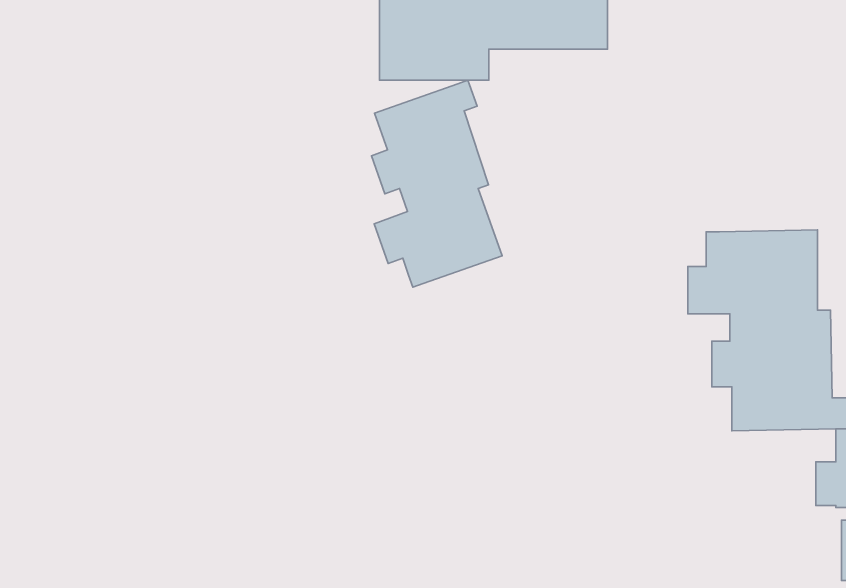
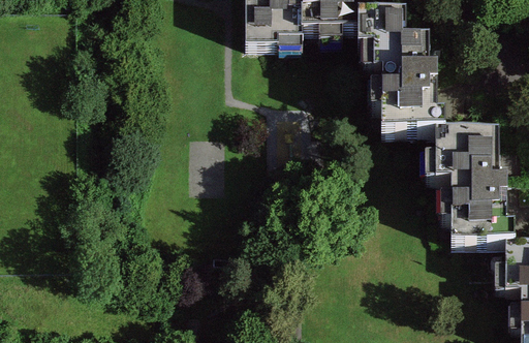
building: none -> [364,22,442,148]
building: [371,80,502,287] -> none

